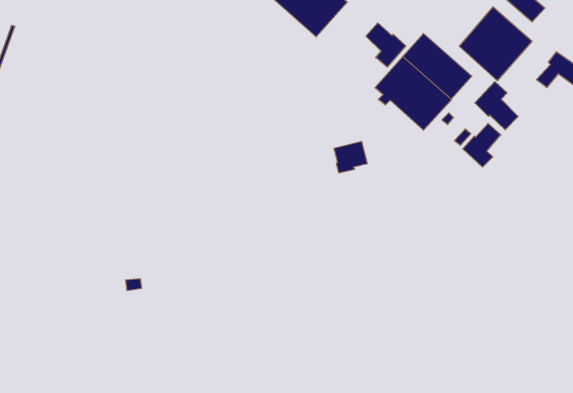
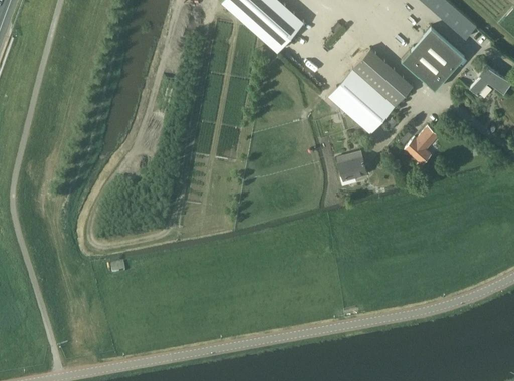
building: [366,23,406,67] -> none
building: [475,82,518,130] -> none
building: [334,142,367,173] -> [338,158,367,185]

